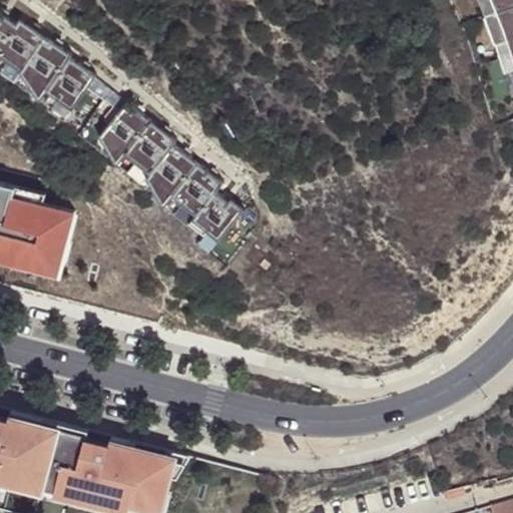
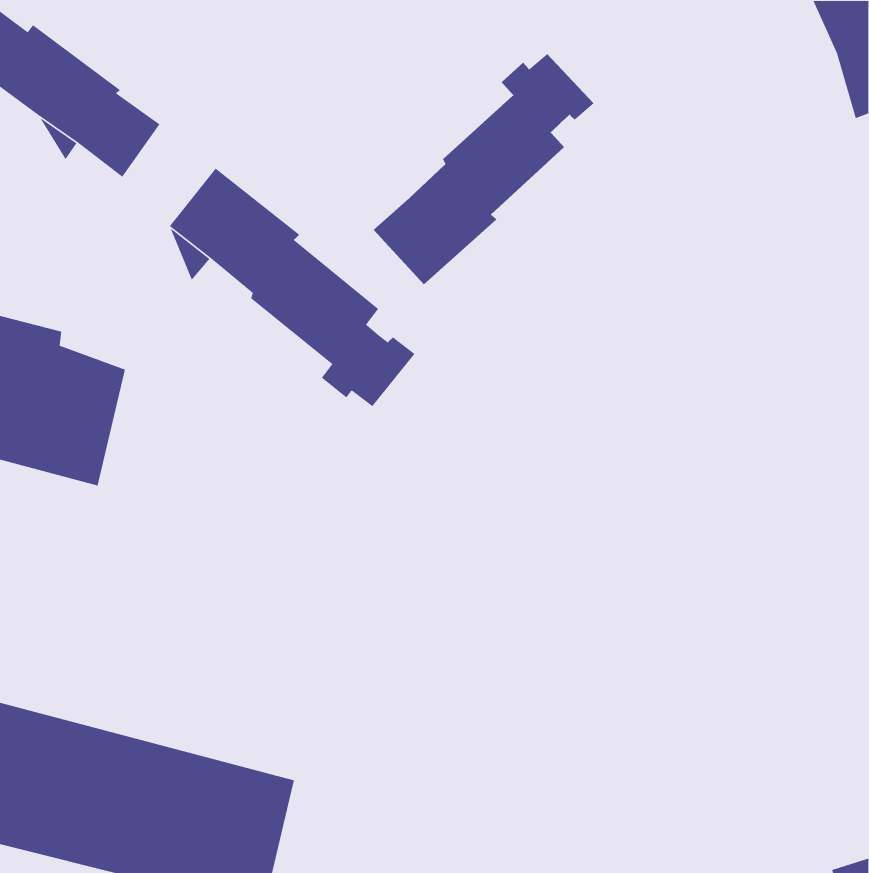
building: none -> [373,53,594,285]

